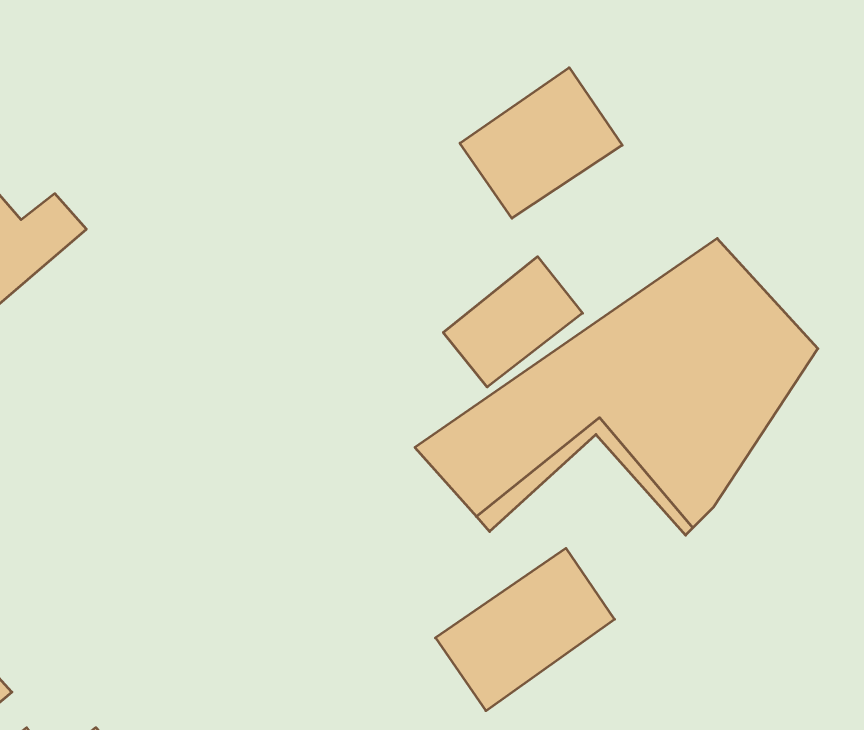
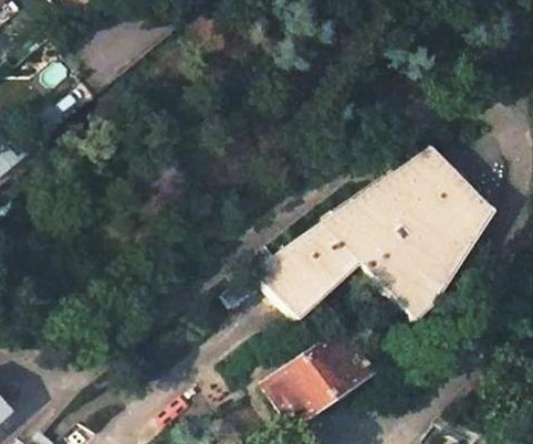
building: [460,68,622,218] -> none
building: [443,257,583,387] -> none

